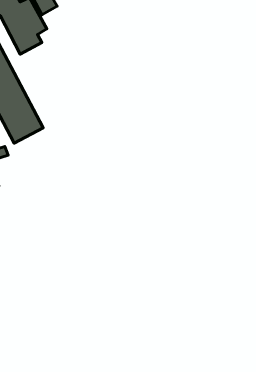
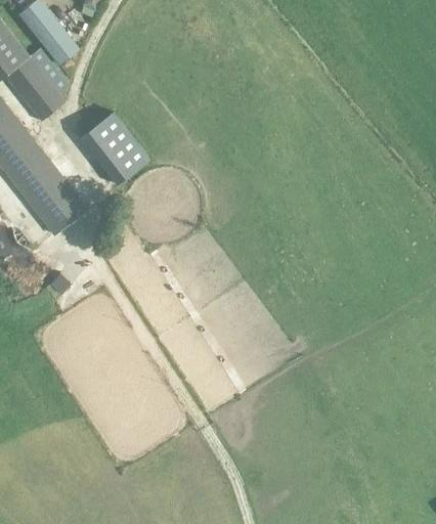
building: none -> [78,111,148,184]

